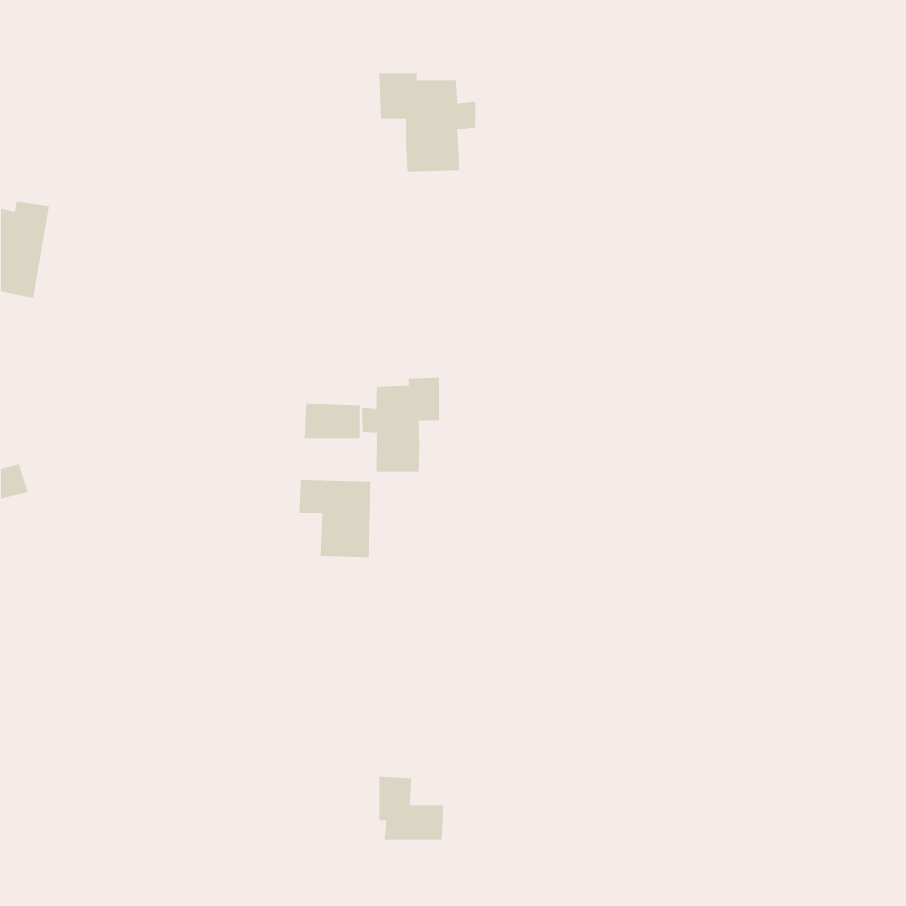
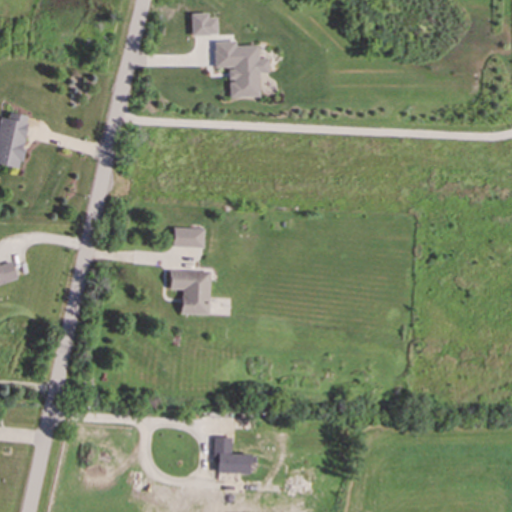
building: none -> [191,13,218,35]
building: [361,377,440,472] -> none

